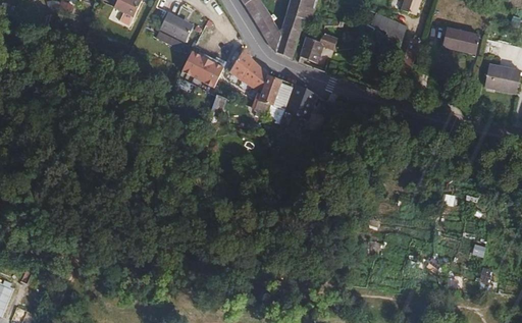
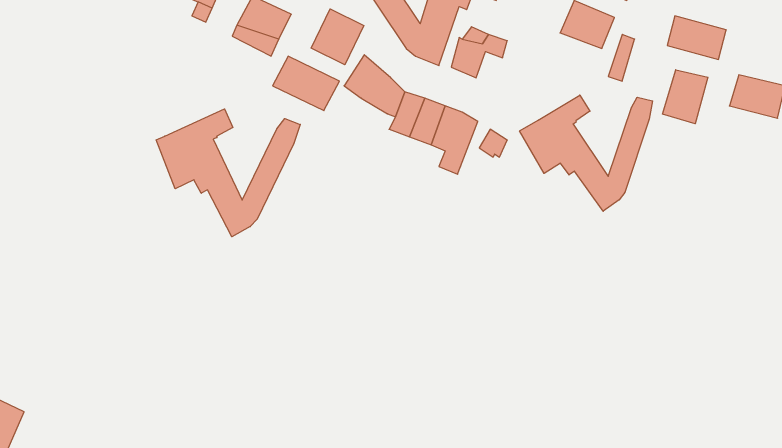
building: none -> [311,9,364,65]
building: none -> [662,70,708,124]
building: none -> [520,95,653,211]
building: none -> [156,109,300,237]

